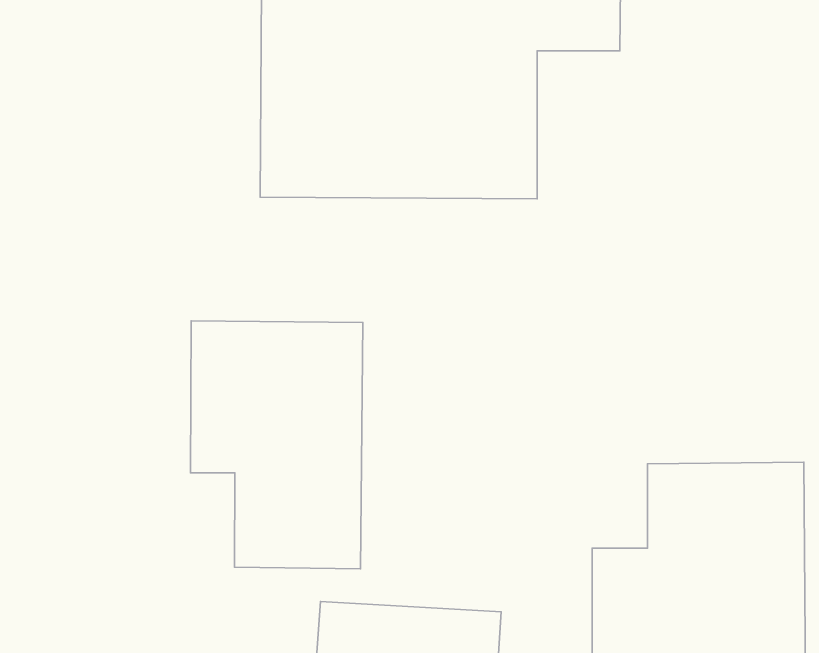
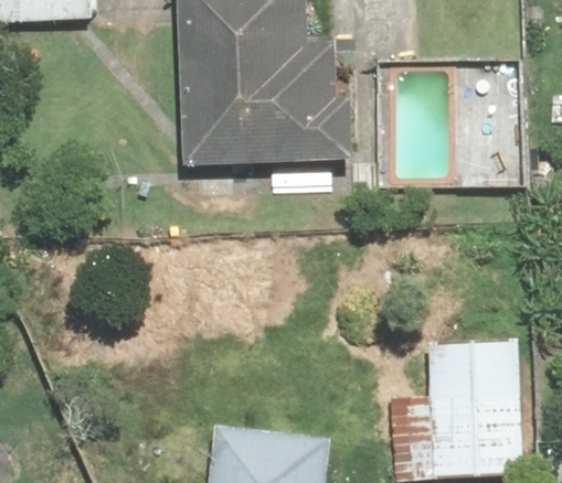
building: [191,321,363,569] -> none

